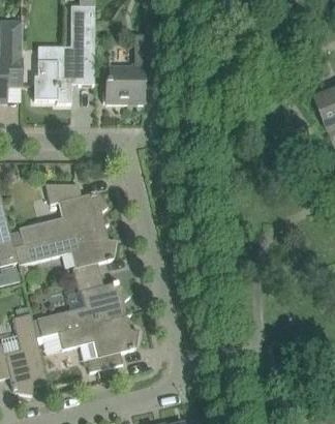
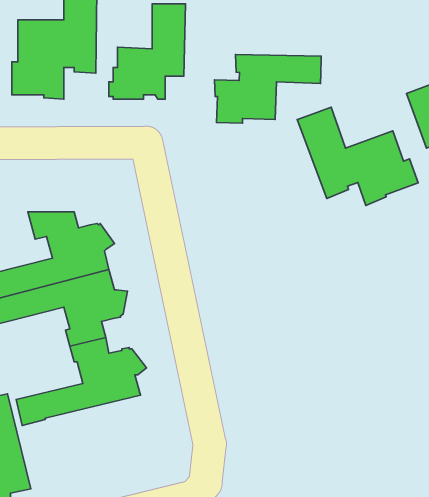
building: none -> [215,54,321,123]
building: none -> [297,107,418,205]
building: [57,315,138,372] -> none

